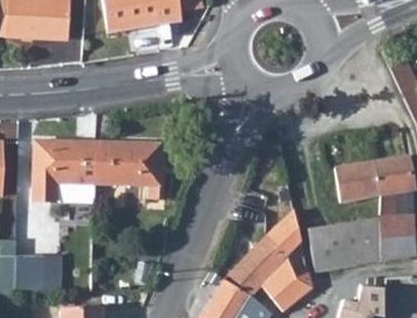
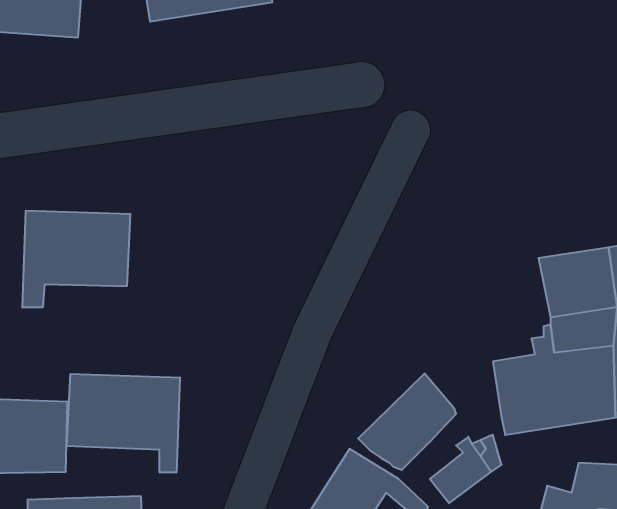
building: [94,143,161,200] -> [67,374,180,472]
building: [269,210,303,256] -> none

